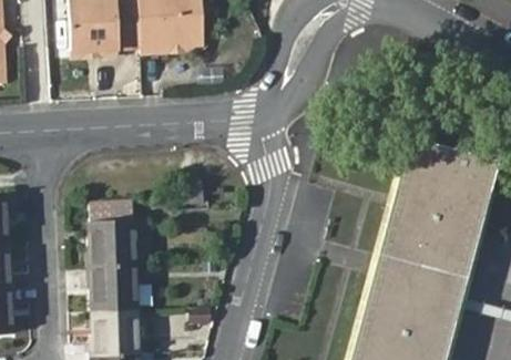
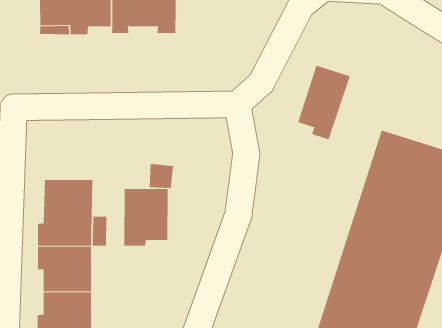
building: none -> [297,65,350,140]
building: none -> [124,188,168,247]

